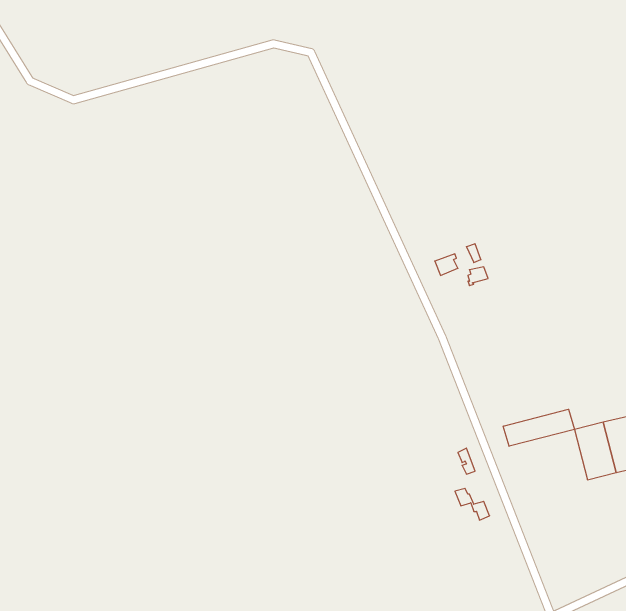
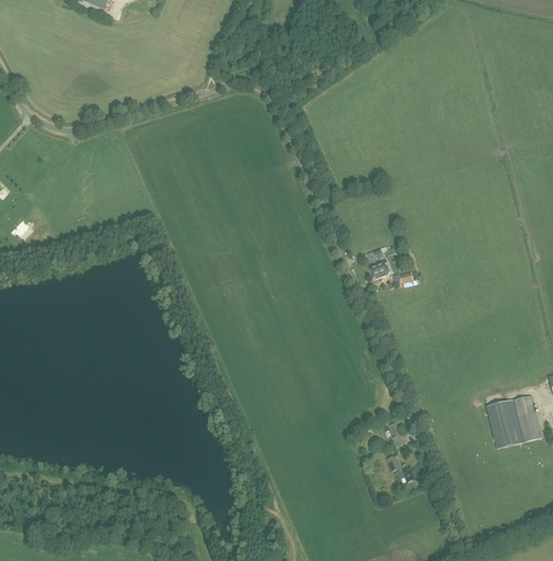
building: [503,409,574,446] -> none

